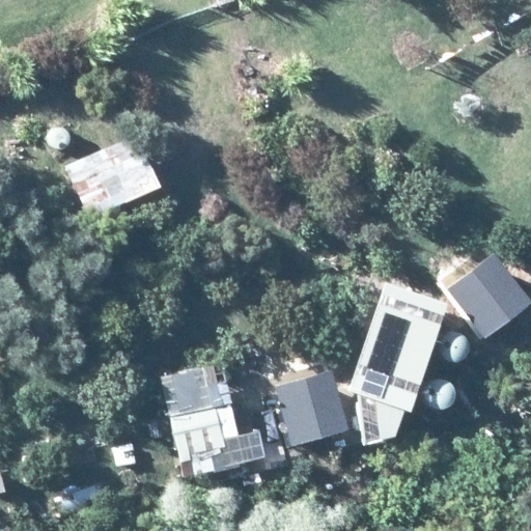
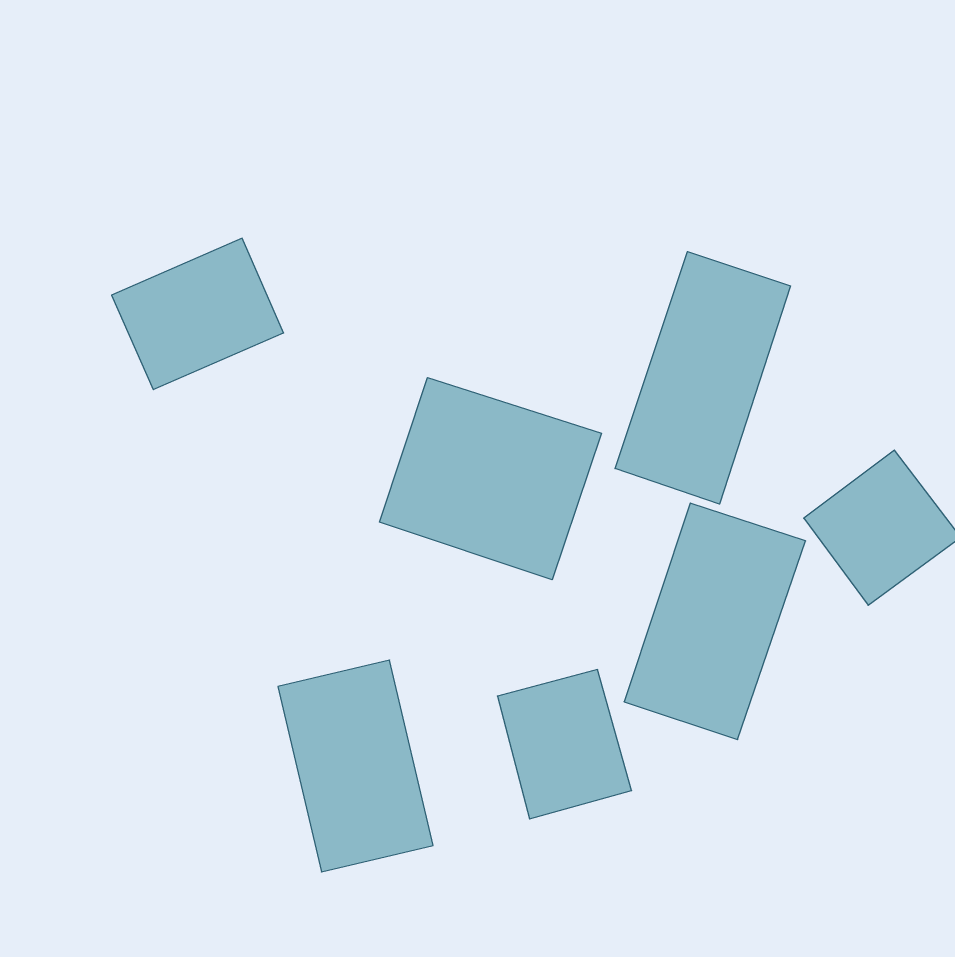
building: none -> [615,252,791,504]
building: none -> [379,378,602,580]

